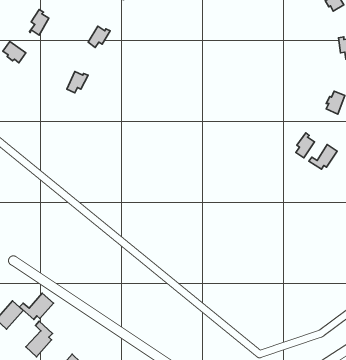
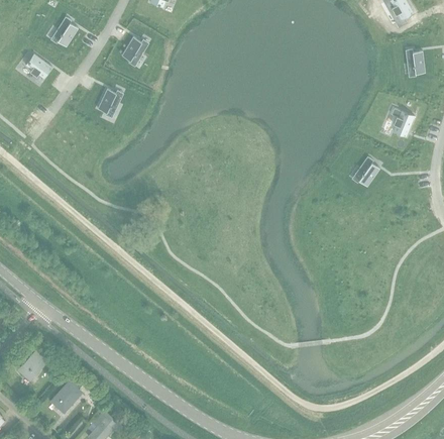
building: [309,144,337,169] -> none
building: [19,293,54,319] -> none

